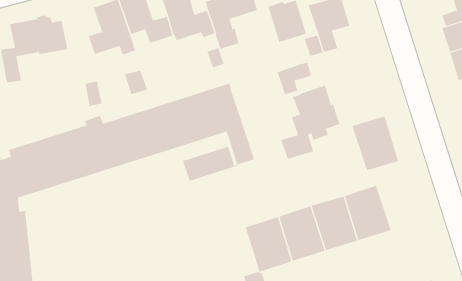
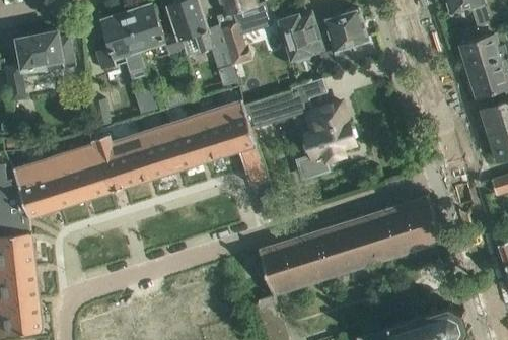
building: [352,116,399,171] -> [392,196,441,253]
building: [182,146,235,182] -> [242,91,297,128]

